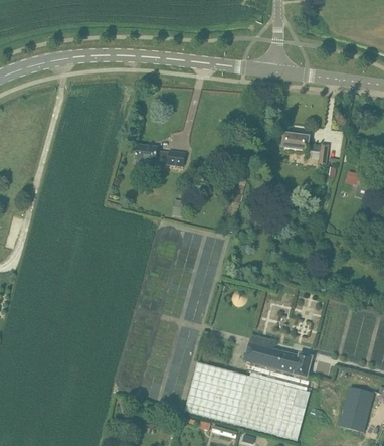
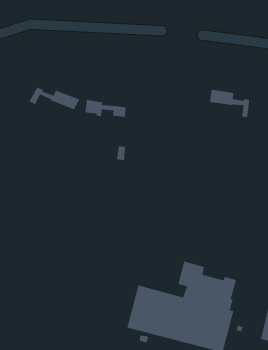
building: none -> [28,87,80,110]

